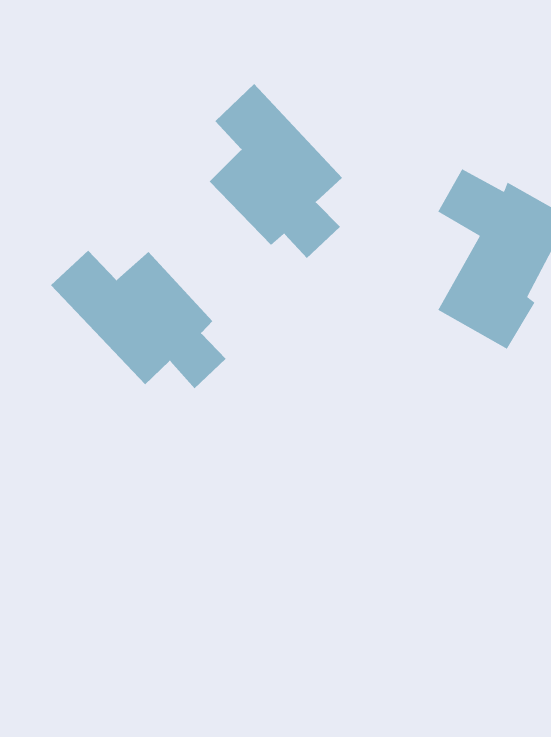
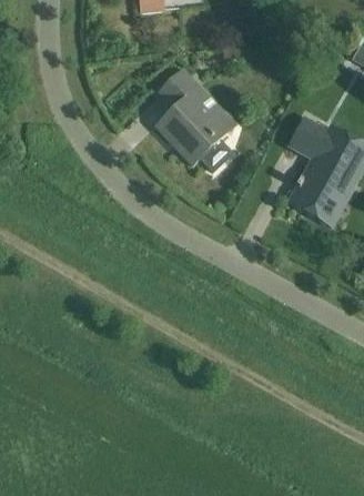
building: [50,250,227,389] -> none

